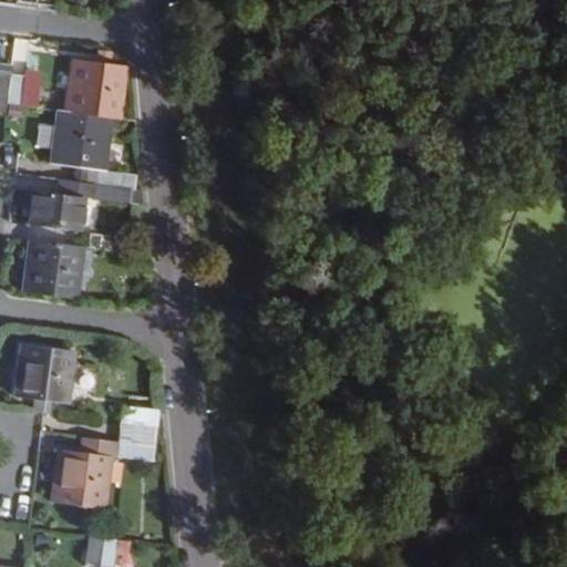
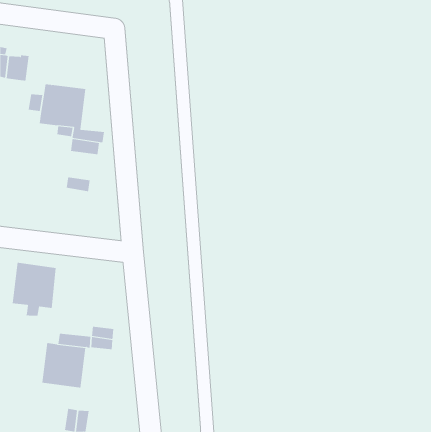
building: [68,56,125,116] -> none
building: [30,190,81,230] -> none
building: [23,238,81,297] -> none

